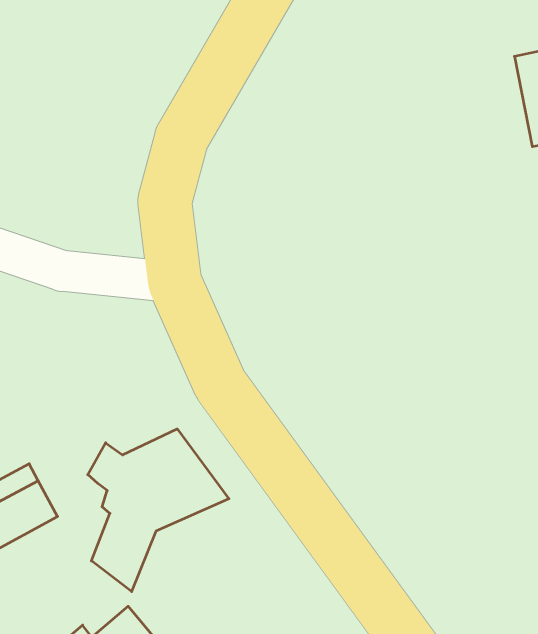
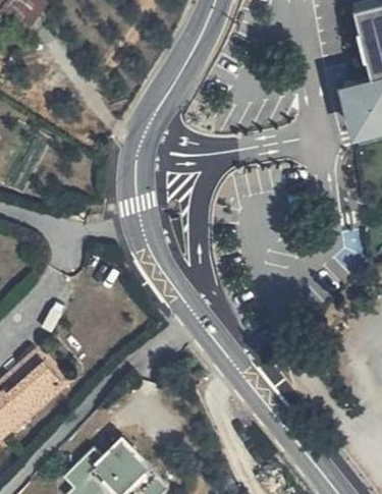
building: [88,429,229,592] -> none

